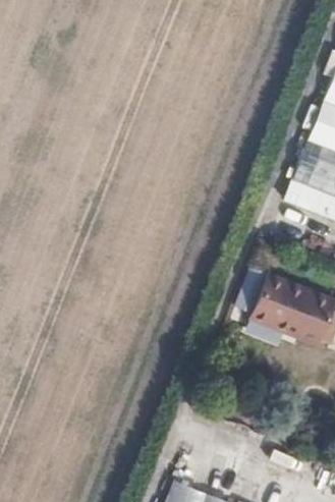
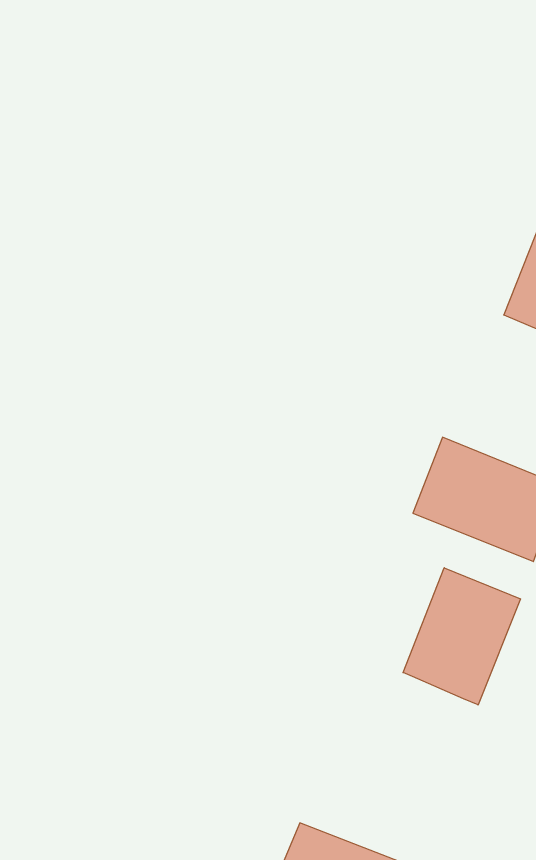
building: none -> [403,568,520,705]

